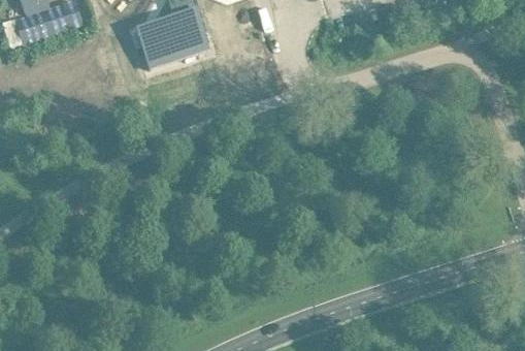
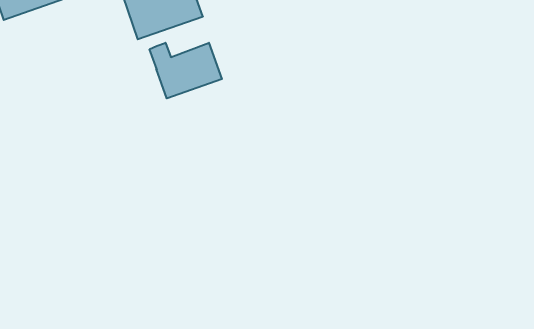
building: none -> [150,43,222,98]

